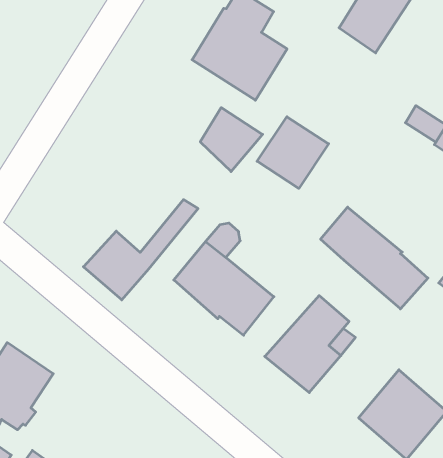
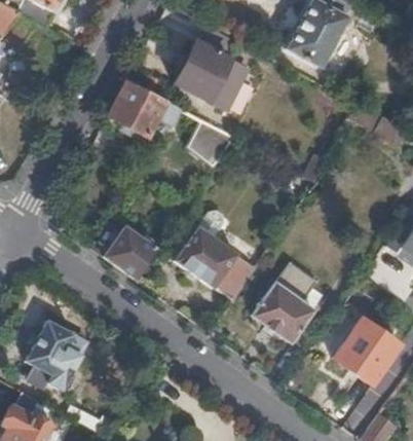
building: none -> [108,80,181,137]
building: [257,117,329,188] -> none
building: [321,207,428,309] -> none

